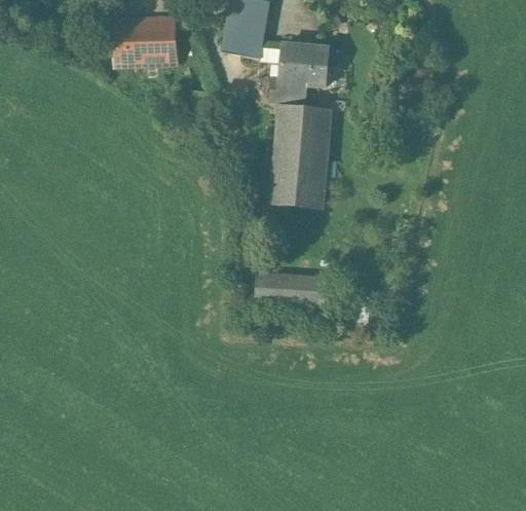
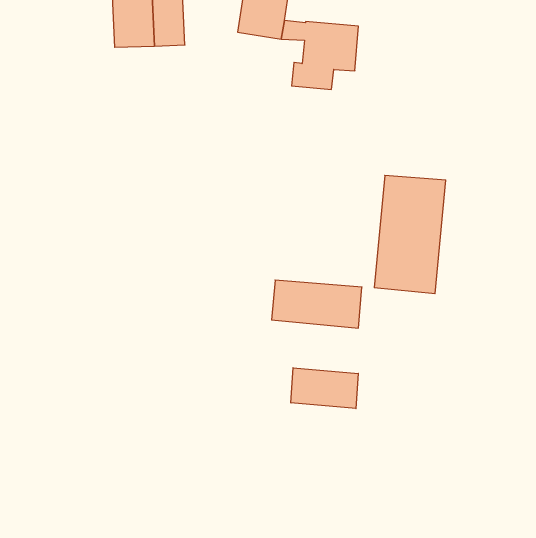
building: [268,104,331,208] -> [374,175,446,294]
building: none -> [291,368,358,409]

